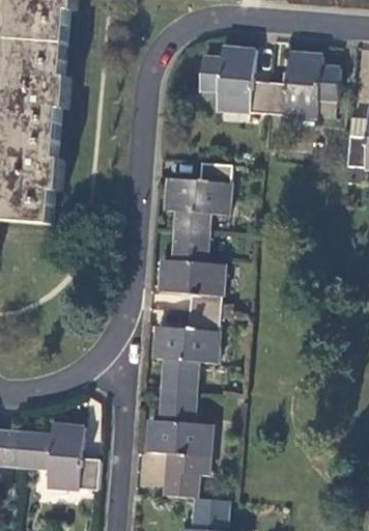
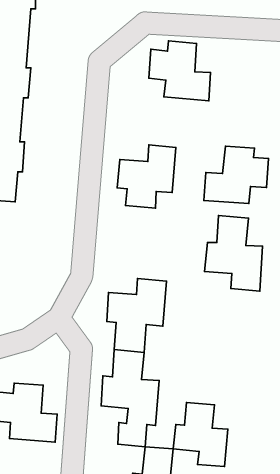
building: [266,52,338,115] -> [204,146,268,203]
building: [159,228,223,312] -> [205,215,263,291]
building: none -> [173,403,228,467]

